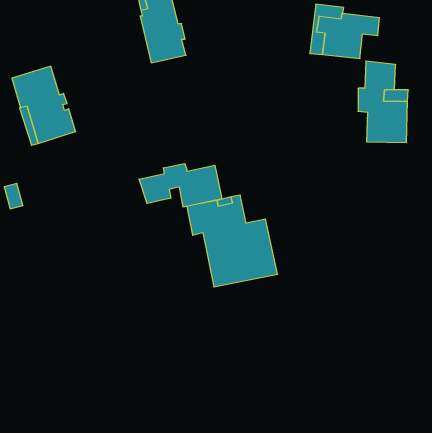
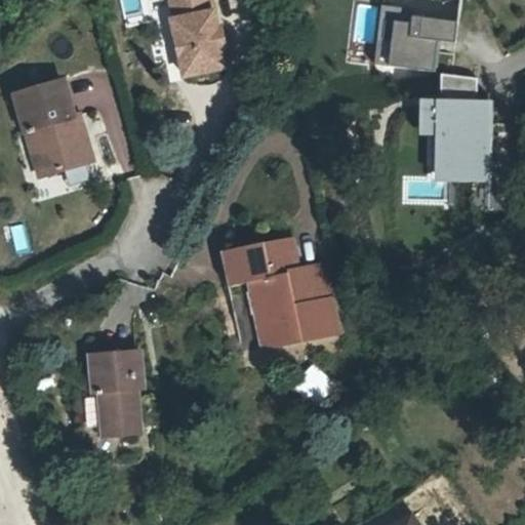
building: none -> [432,134,491,183]
building: [139,164,222,207] -> none
building: none -> [89,352,140,433]

